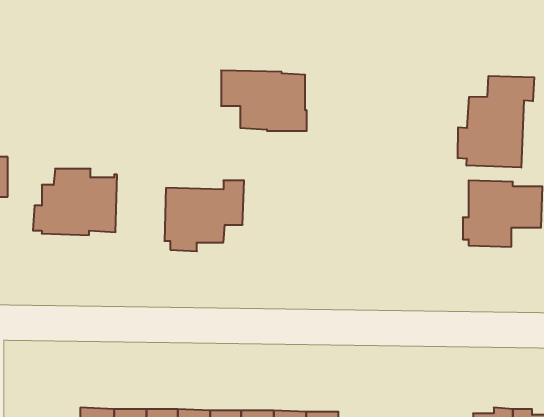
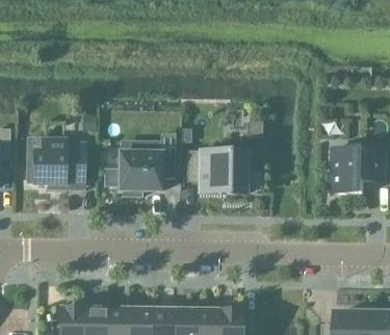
building: [221,70,307,131] -> [186,149,246,191]
building: [458,76,534,168] -> none

